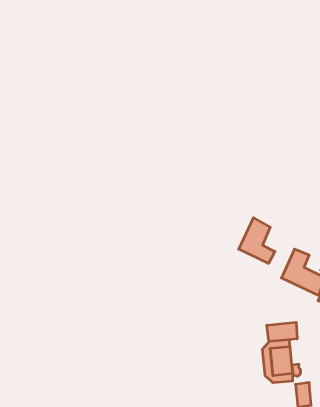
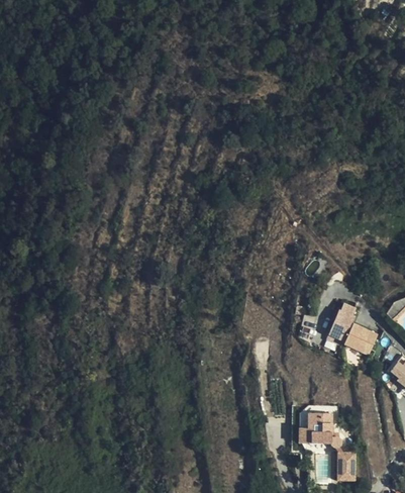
building: [239,218,275,263] -> none
building: [267,322,297,342] -> none

